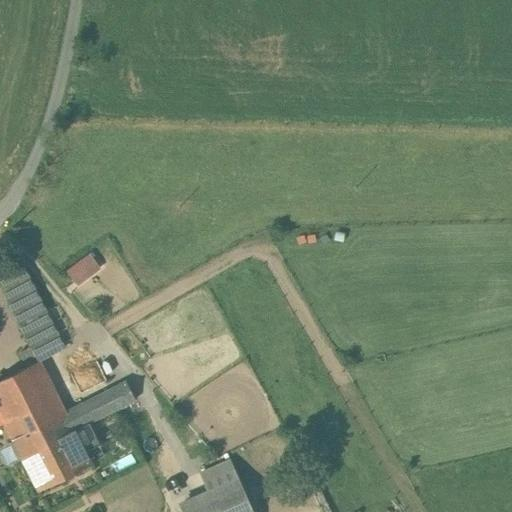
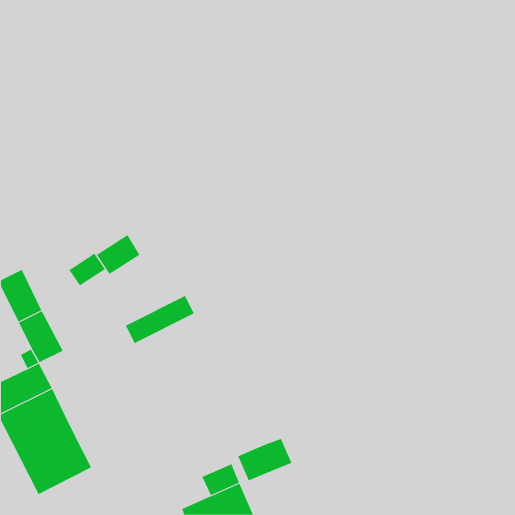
building: none -> [96,234,140,275]
building: [65,382,134,430] -> [125,295,195,344]
building: none -> [238,438,292,481]

